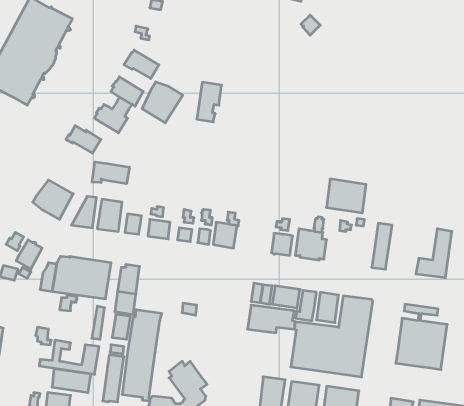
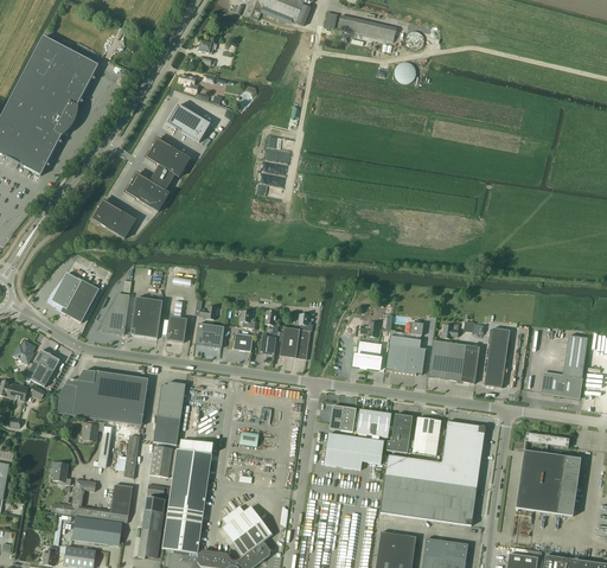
building: [142,82,183,123] -> none
building: [92,162,129,184] -> none
building: [326,179,366,213] -> [428,339,479,383]

